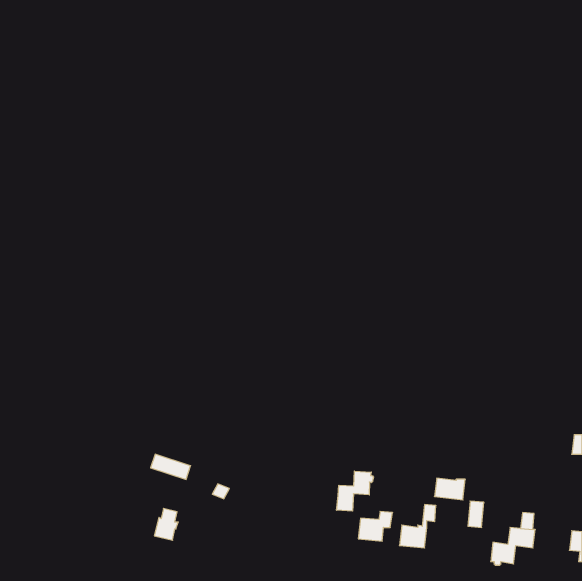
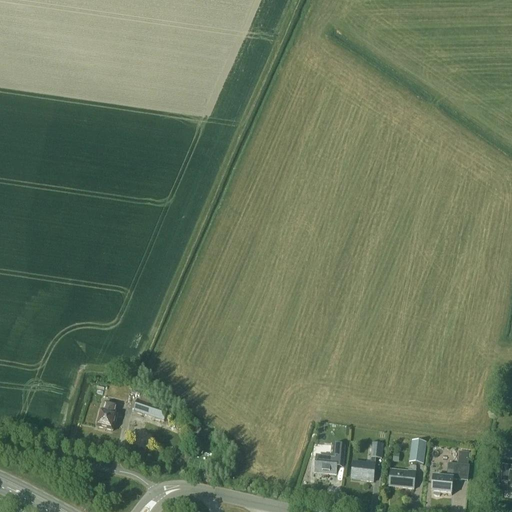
building: [337,471,373,511] -> none
building: [434,478,465,500] -> [388,469,415,488]
building: [154,508,178,540] -> [96,401,117,429]

